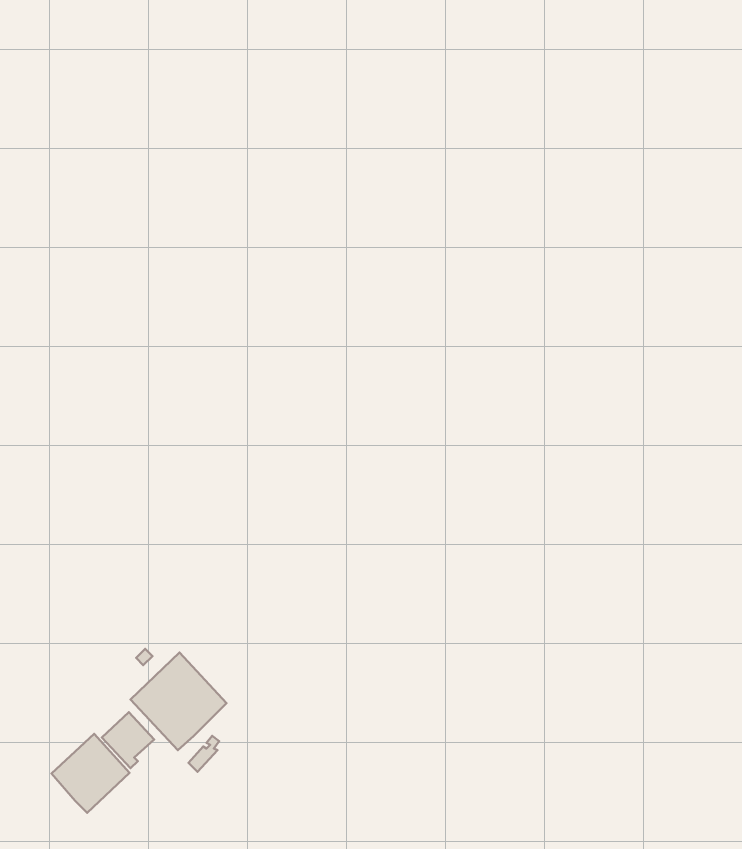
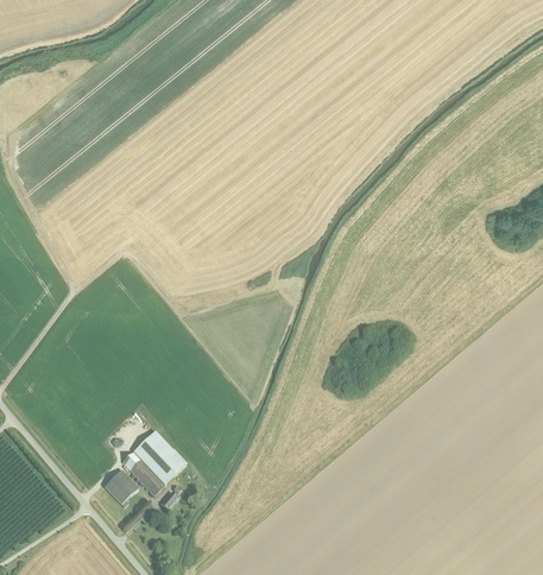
building: [52,734,130,813] -> none

